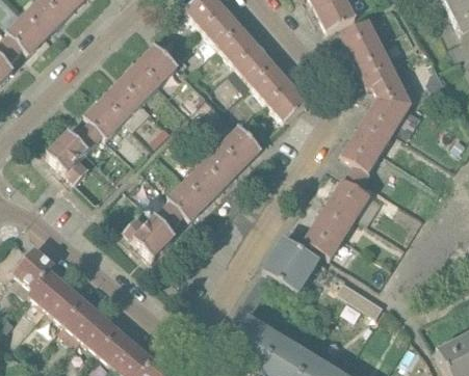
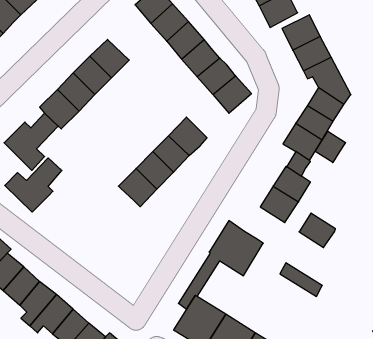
building: none -> [315,131,345,163]
building: [123,200,183,258] -> [5,158,62,212]
building: [304,220,342,257] -> [299,213,335,248]

